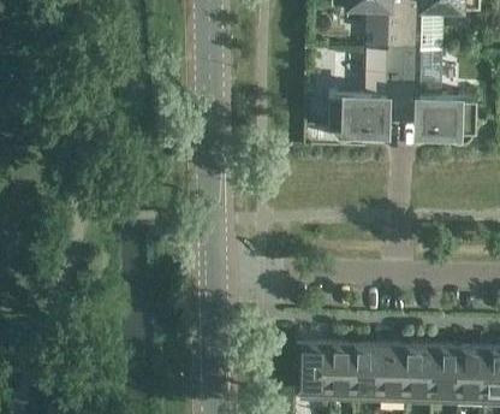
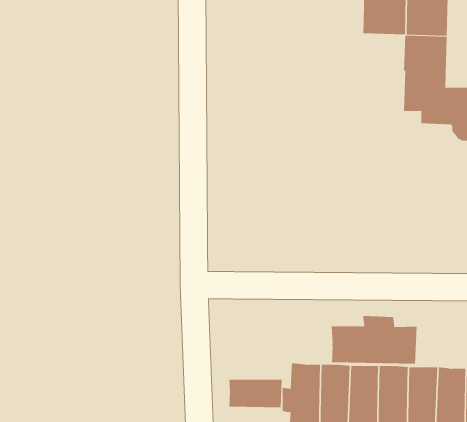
building: [327,46,403,140] -> none
building: none -> [330,315,417,365]
building: none -> [228,379,282,408]

